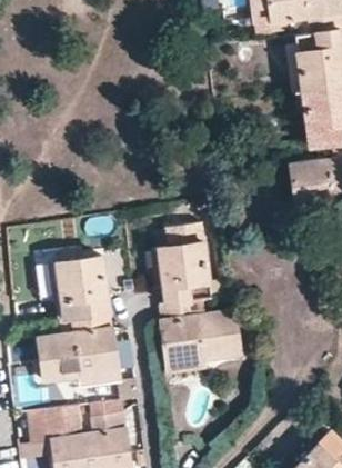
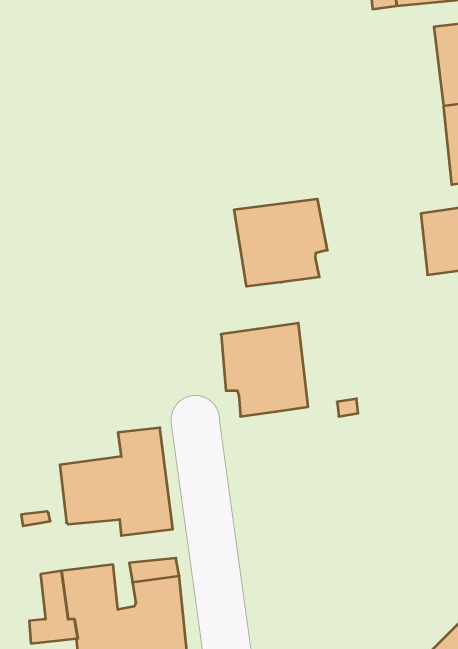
building: none -> [234,199,327,286]
building: [53,256,111,318] -> none
building: [162,300,241,371] -> none

